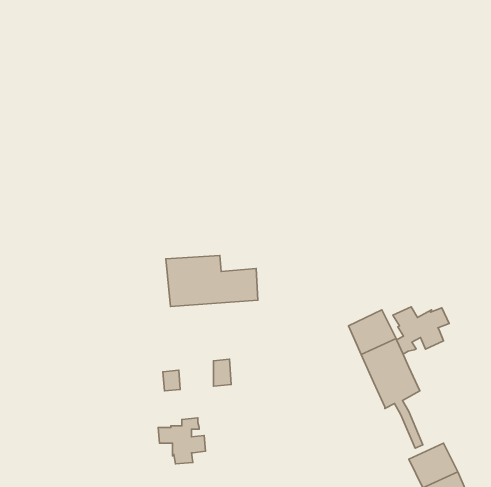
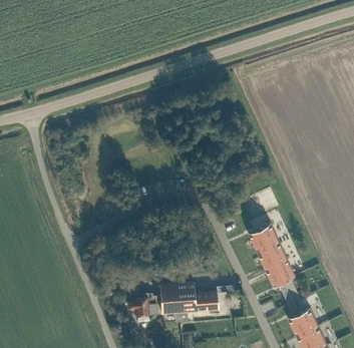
building: [166,256,258,306] -> [160,284,219,316]
building: [393,307,449,354] -> none

